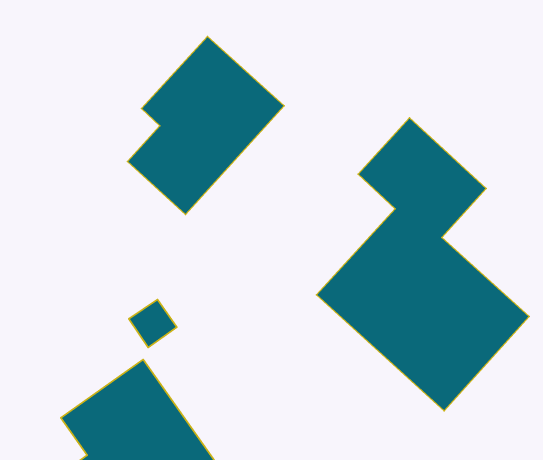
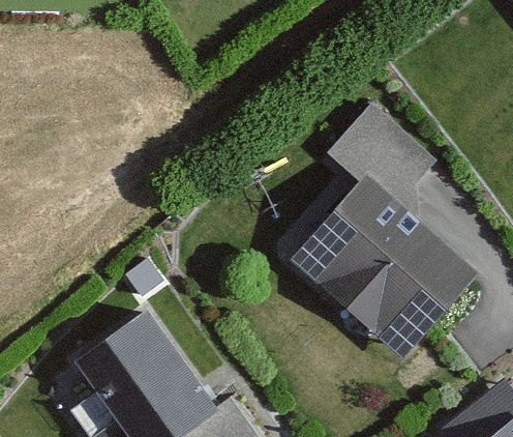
building: [128,36,284,215] -> none

